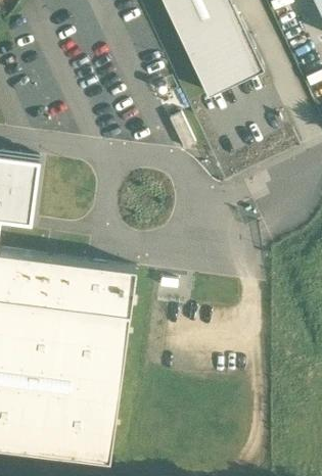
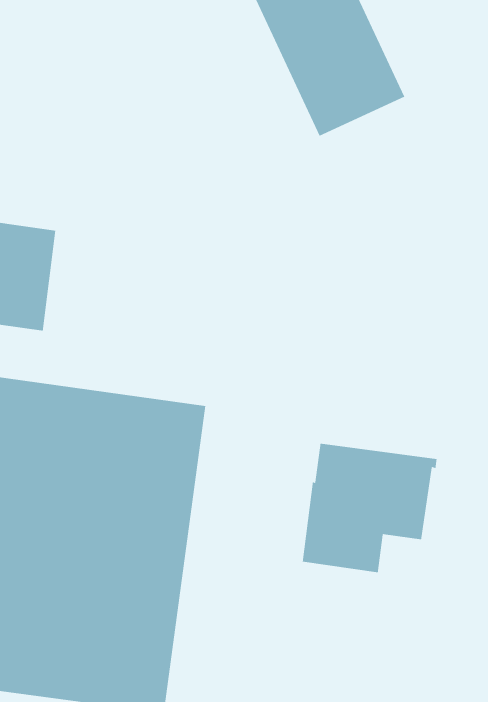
building: none -> [302,443,437,573]

